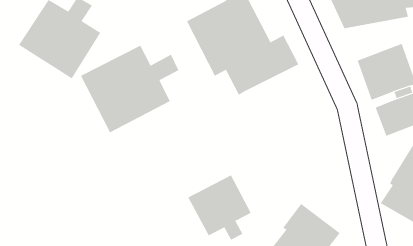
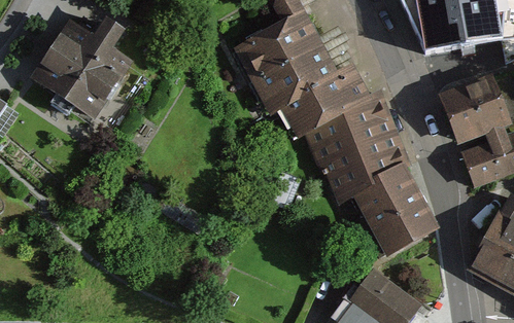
building: [80,45,179,133] -> none
building: none -> [305,97,437,256]
building: [188,174,251,240] -> none

